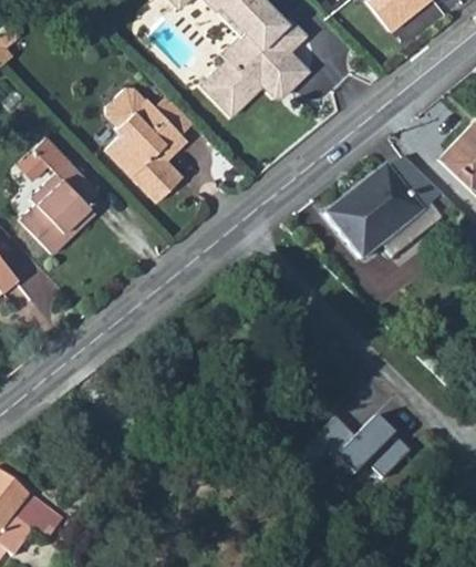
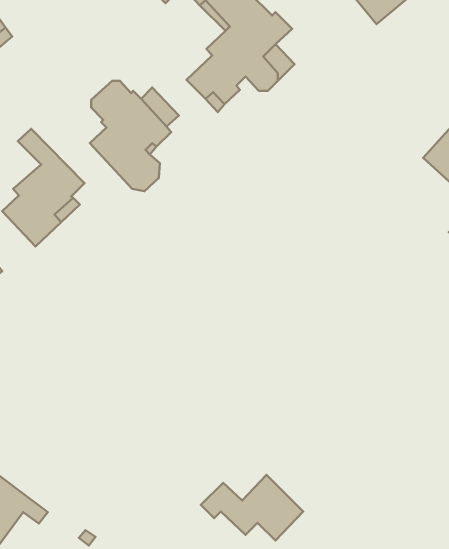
building: [327,157,444,259] -> none
building: [310,414,412,480] -> [201,475,303,540]

